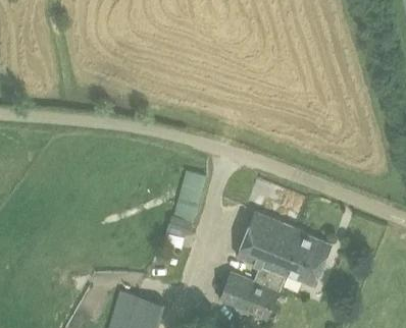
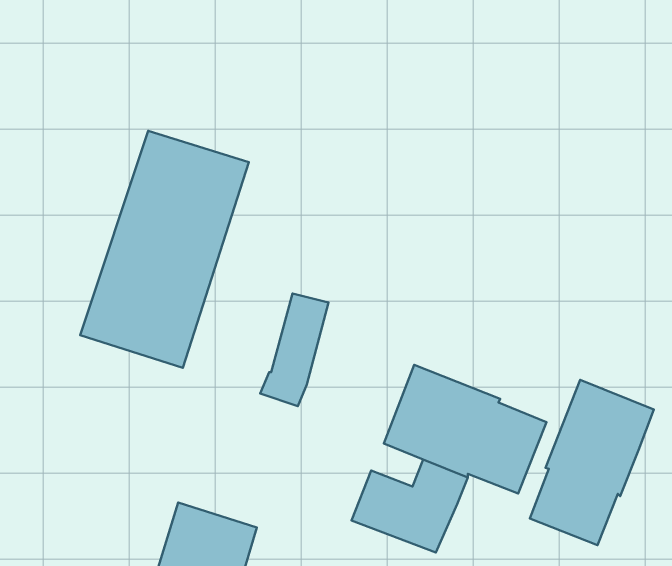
building: none -> [80,131,249,368]
building: none -> [530,380,654,545]

